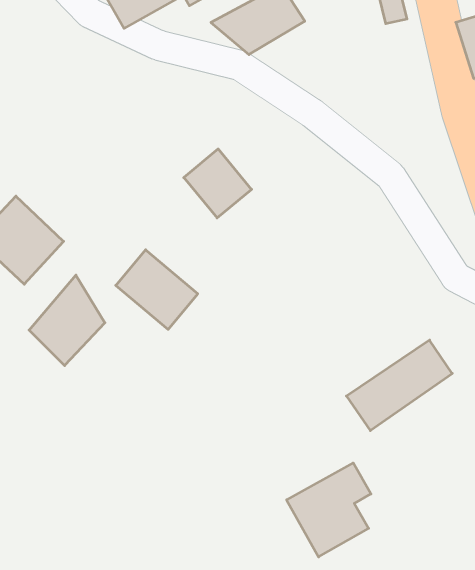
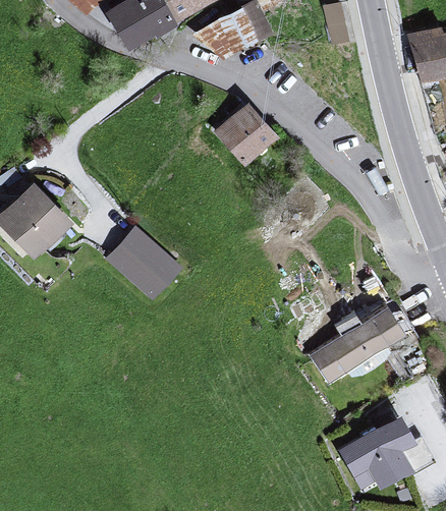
building: [184,149,252,218] -> [220,105,278,164]
building: [29,275,105,366] -> none
building: [287,463,371,557] -> [336,415,408,496]

